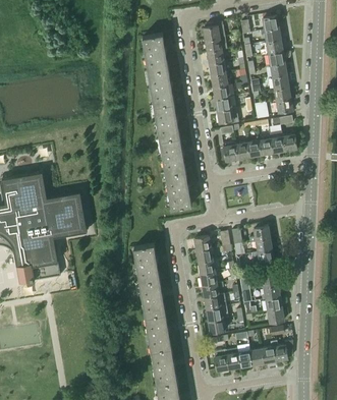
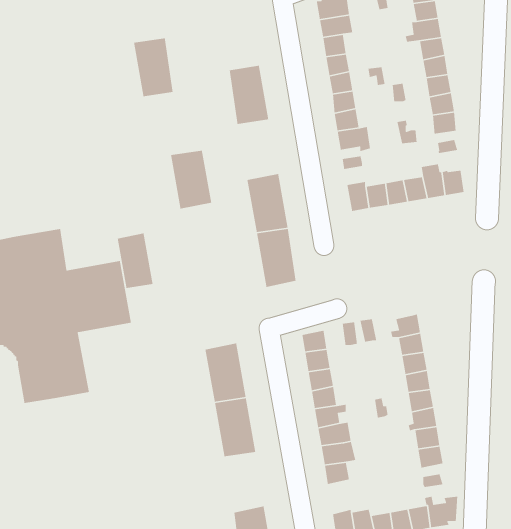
building: [143,35,168,72] -> [133,37,174,97]
building: [154,104,180,141] -> [170,150,212,210]
building: none -> [117,233,153,289]
building: [146,313,171,351] -> none

